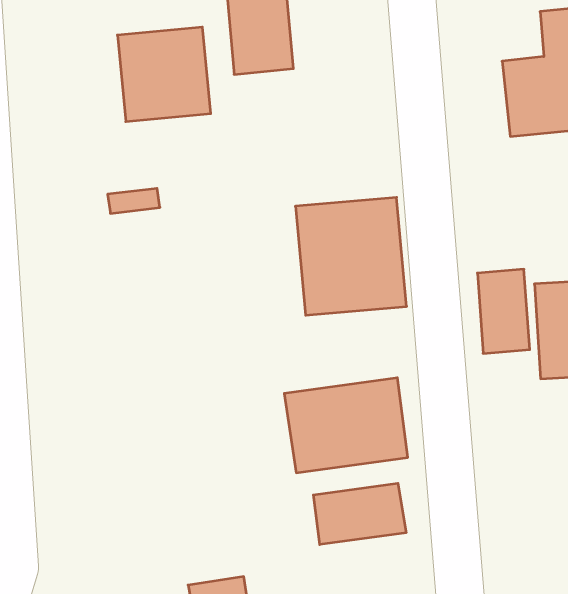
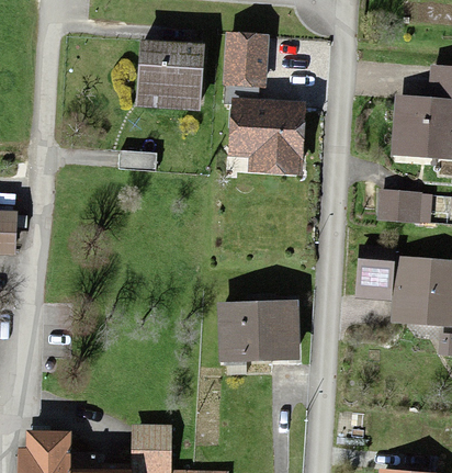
building: none -> [378,192,420,219]
building: [295,197,407,315] -> [227,95,301,174]
building: [313,483,406,545] -> none

